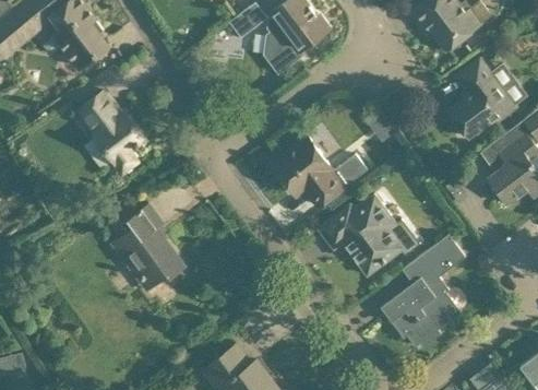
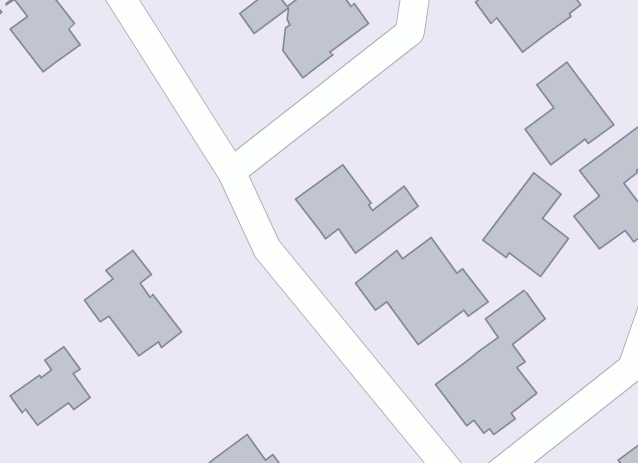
building: [79,91,146,173] -> none
building: none -> [483,173,569,277]
building: none -> [10,347,90,425]

